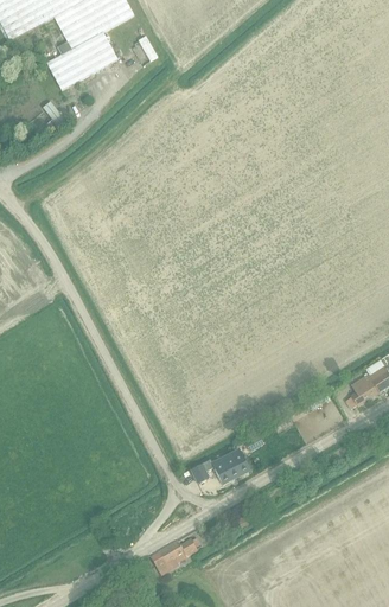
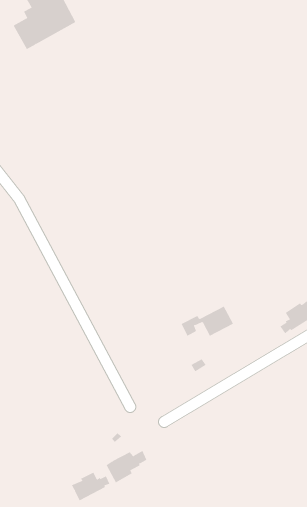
building: [191,448,250,483] -> [181,306,234,336]
building: none -> [71,472,110,501]

